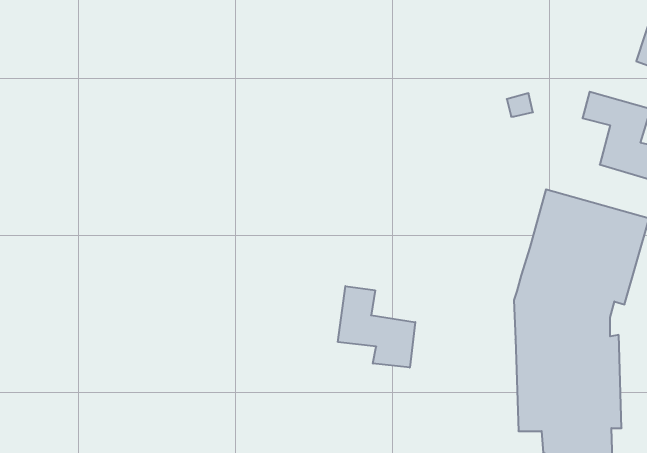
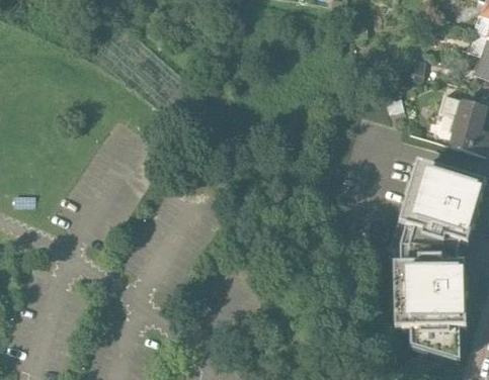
building: [338,286,415,368] -> none

